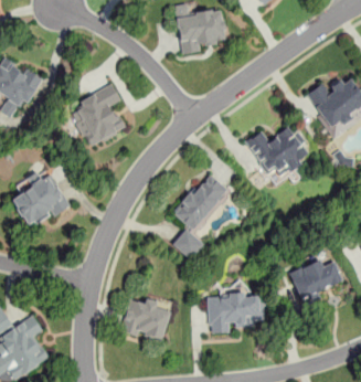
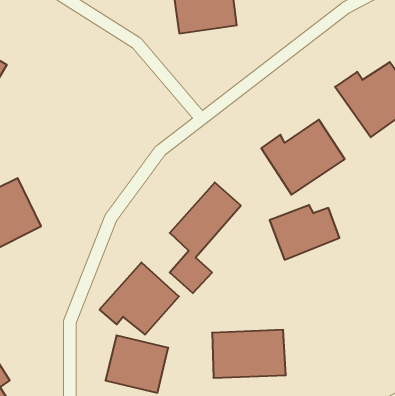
building: [72,83,125,147] -> none
building: none -> [100,262,179,335]
building: [288,258,344,303] -> [270,205,339,260]

